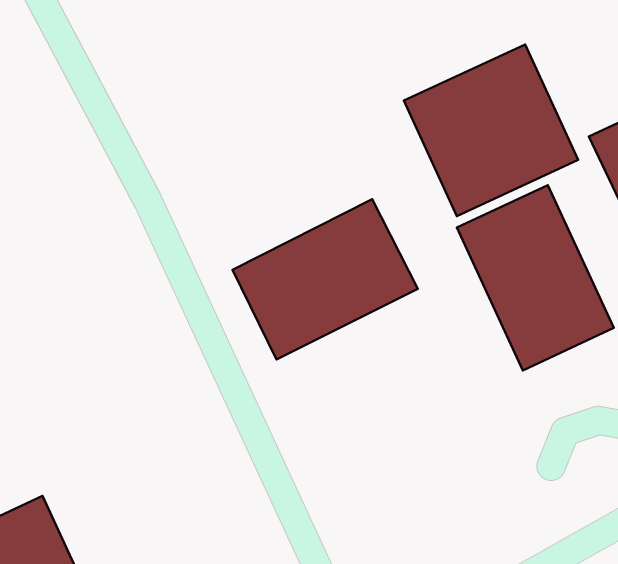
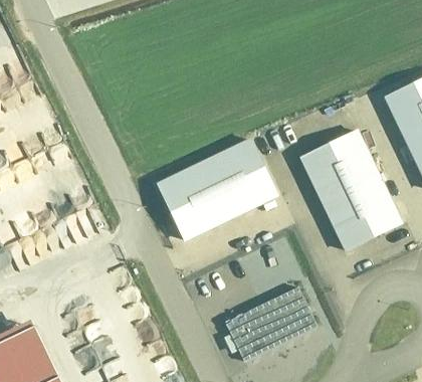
building: [404,45,578,216] -> none
building: none -> [222,291,314,364]

